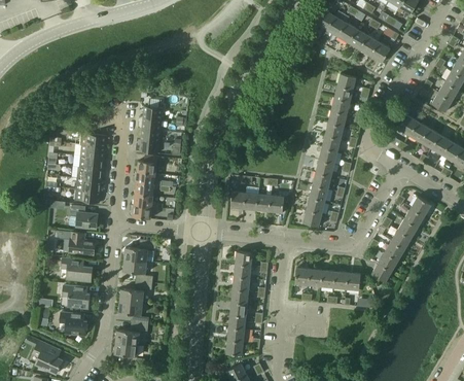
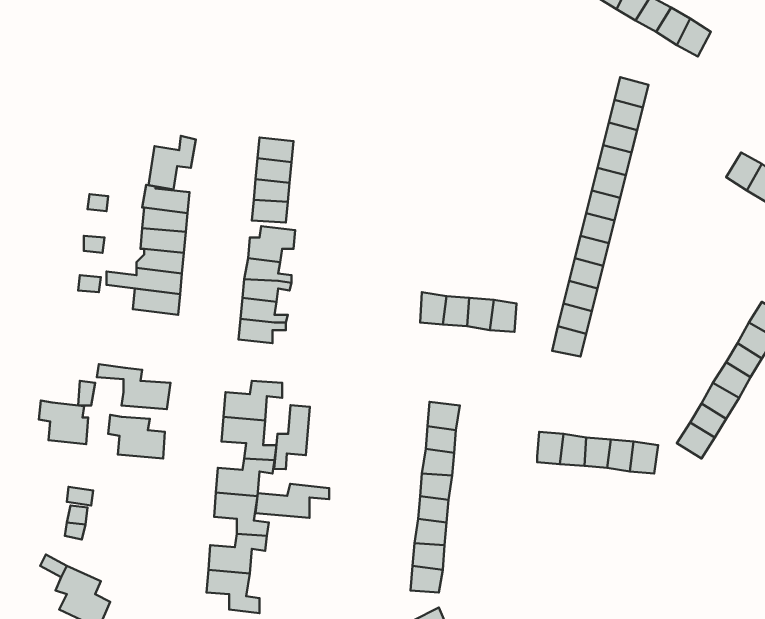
building: none -> [149,136,196,189]
building: [69,206,98,230] -> none
building: none -> [274,405,310,469]
building: [63,285,90,309] -> [39,401,88,444]
building: none -> [256,484,329,518]
building: [60,312,87,336] -> none

